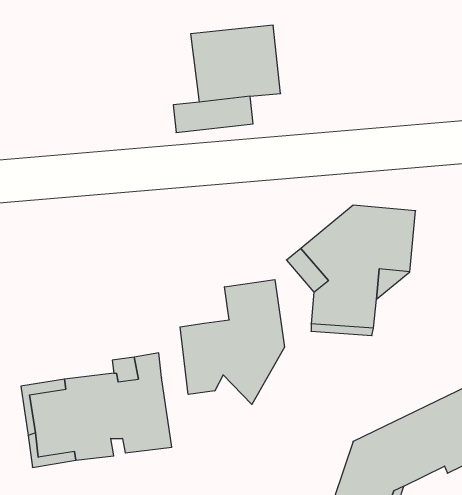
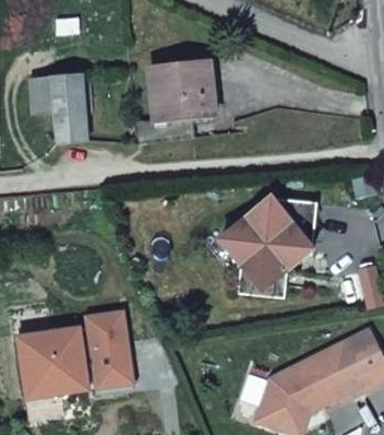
building: none -> [29,74,85,142]
building: [180,280,284,404] -> none

